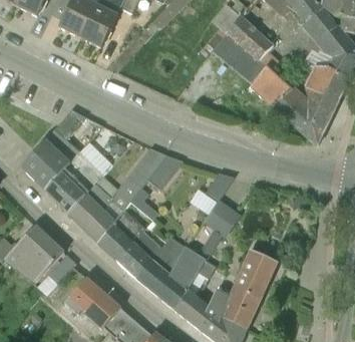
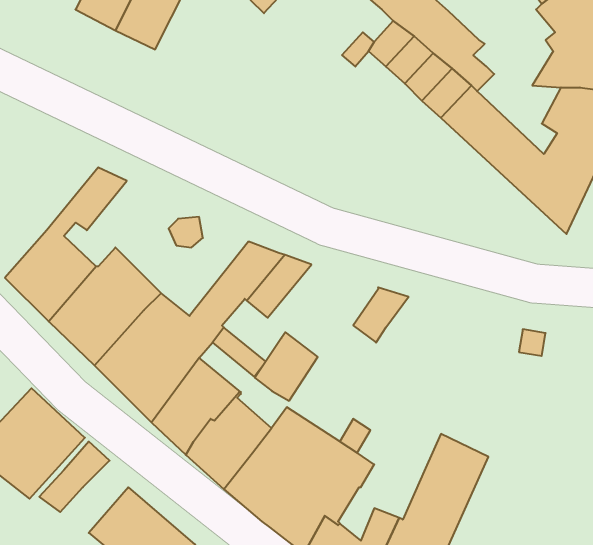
building: [204,199,237,235] -> [255,332,318,401]

